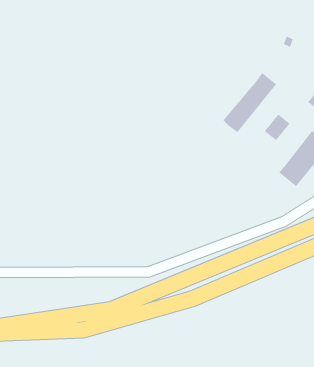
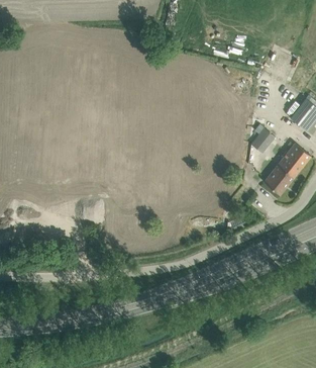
building: [223,72,277,133] -> none

